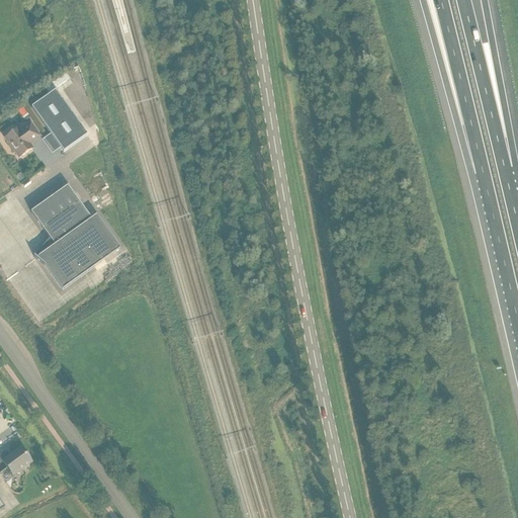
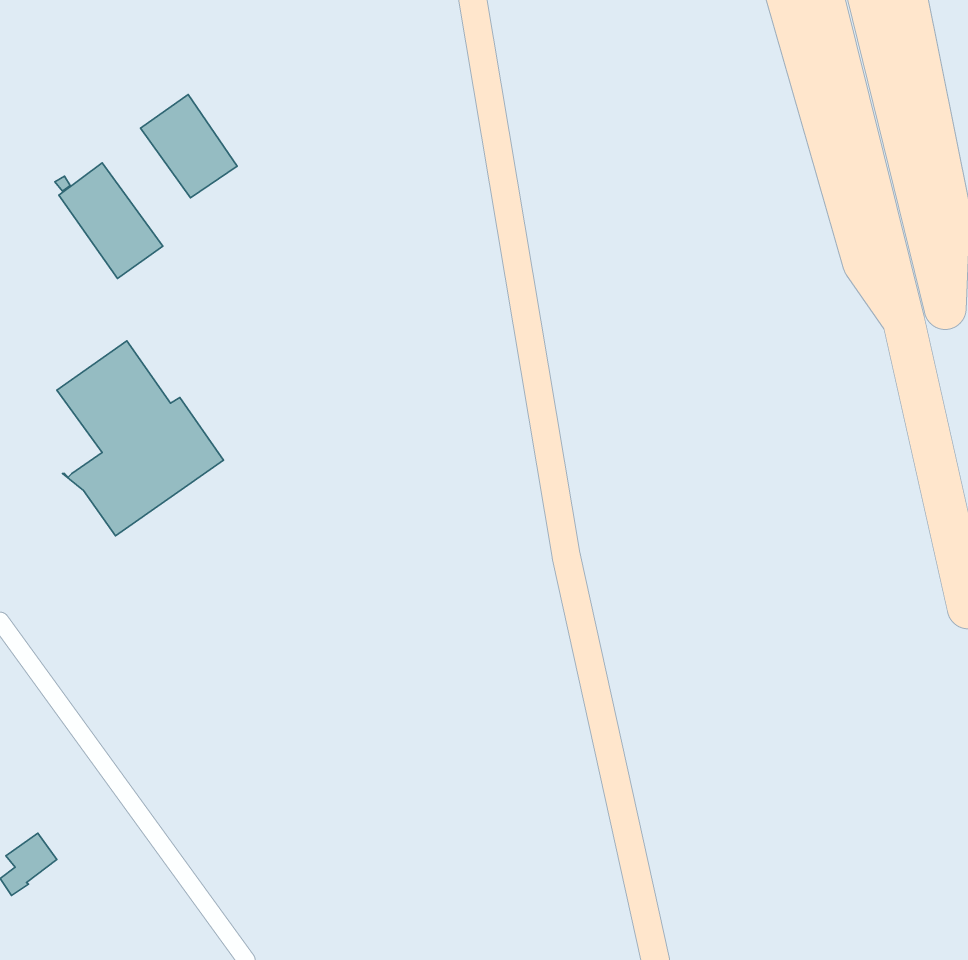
building: none -> [141,95,237,198]
building: [5,120,39,155] -> none

